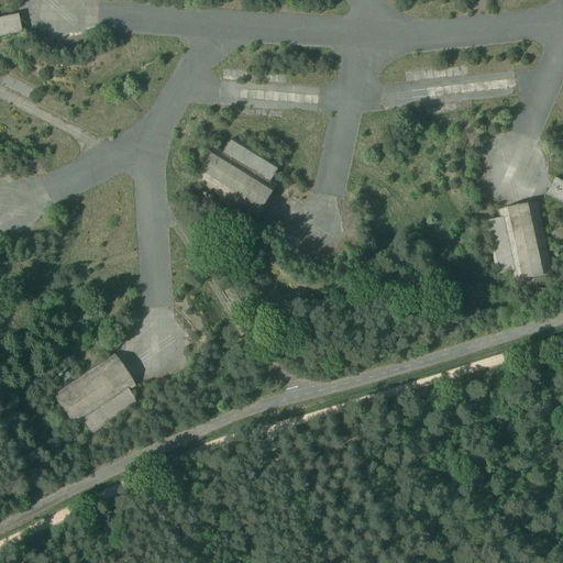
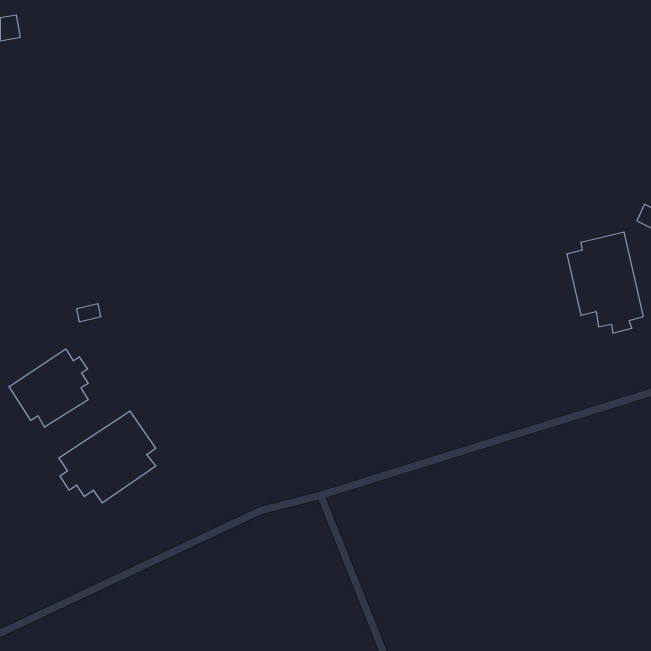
building: [192,135,280,216] -> none
building: none -> [9,349,88,427]

